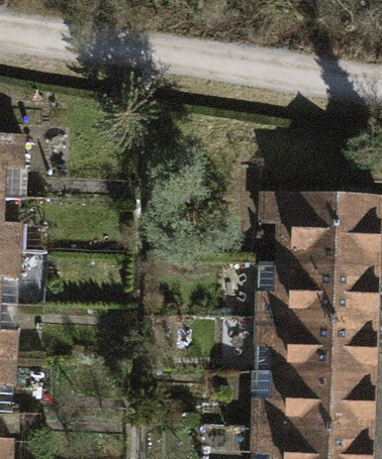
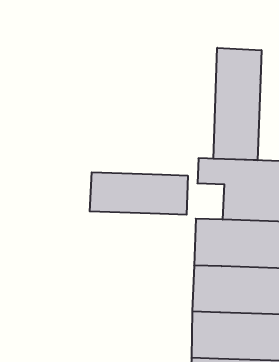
building: none -> [213,48,261,160]
building: none -> [90,172,188,215]

